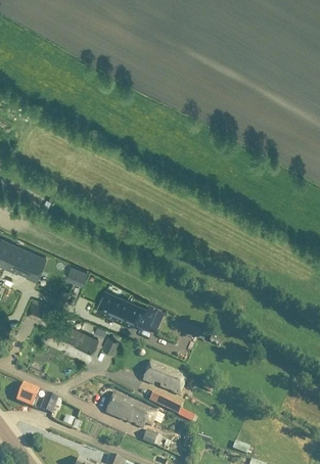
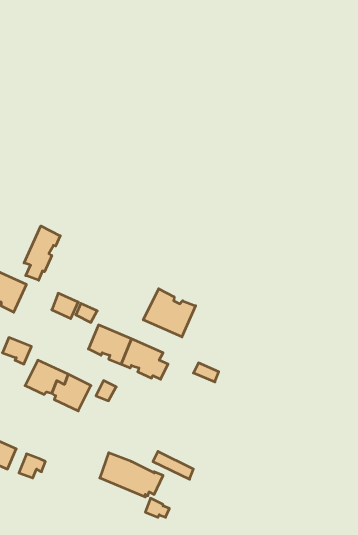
building: none -> [24,226,60,280]
building: none -> [143,289,196,337]
building: [141,362,184,397] -> none

